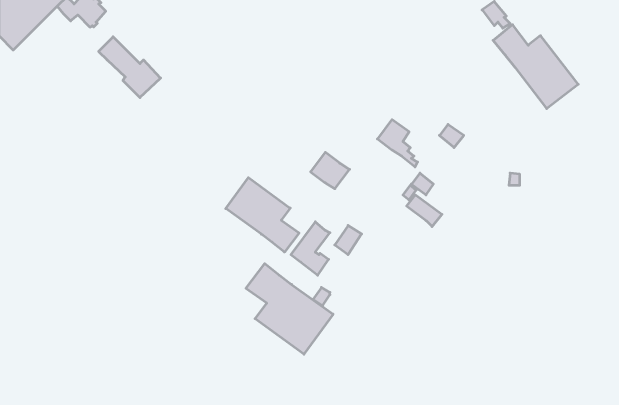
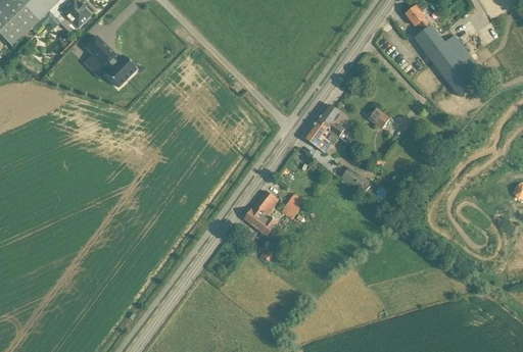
building: [311,152,350,189] -> [305,120,338,151]
building: [226,178,299,252] -> none
building: [246,264,333,354] -> none

